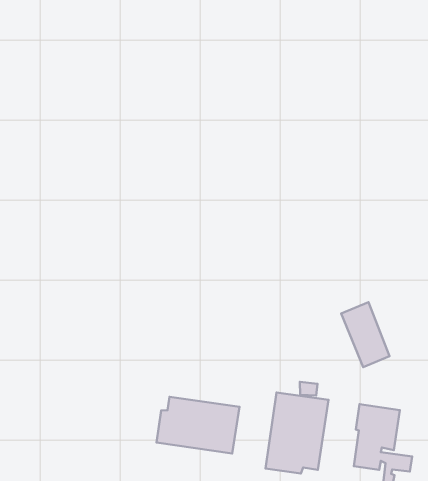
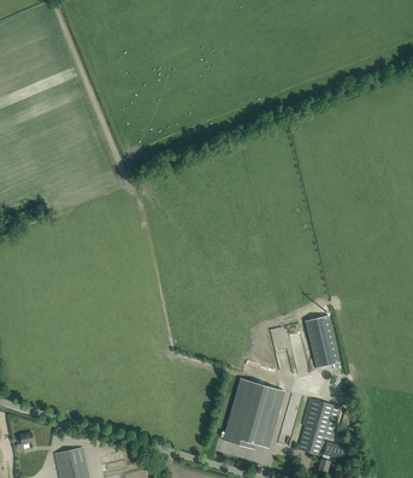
building: [156,397,240,454] -> none

